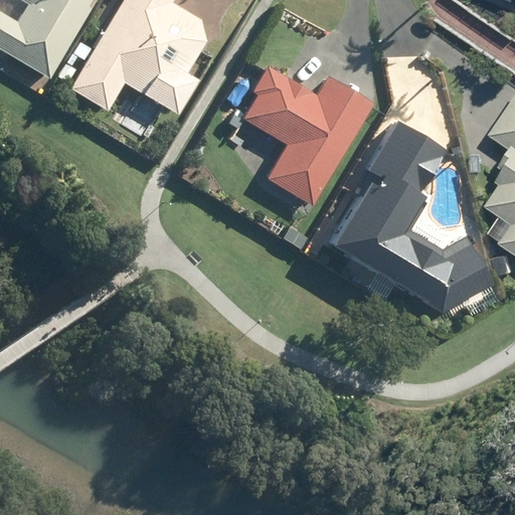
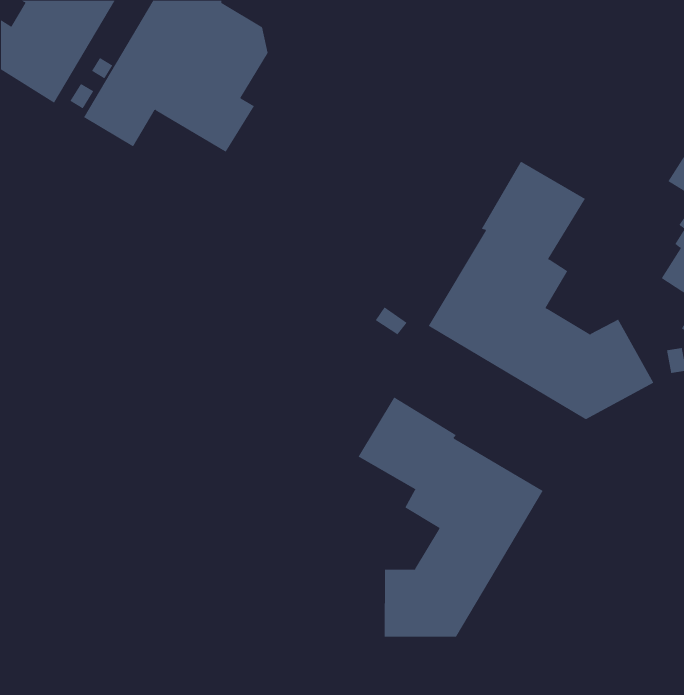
building: [243,64,373,207] -> none
building: none -> [358,397,544,637]

